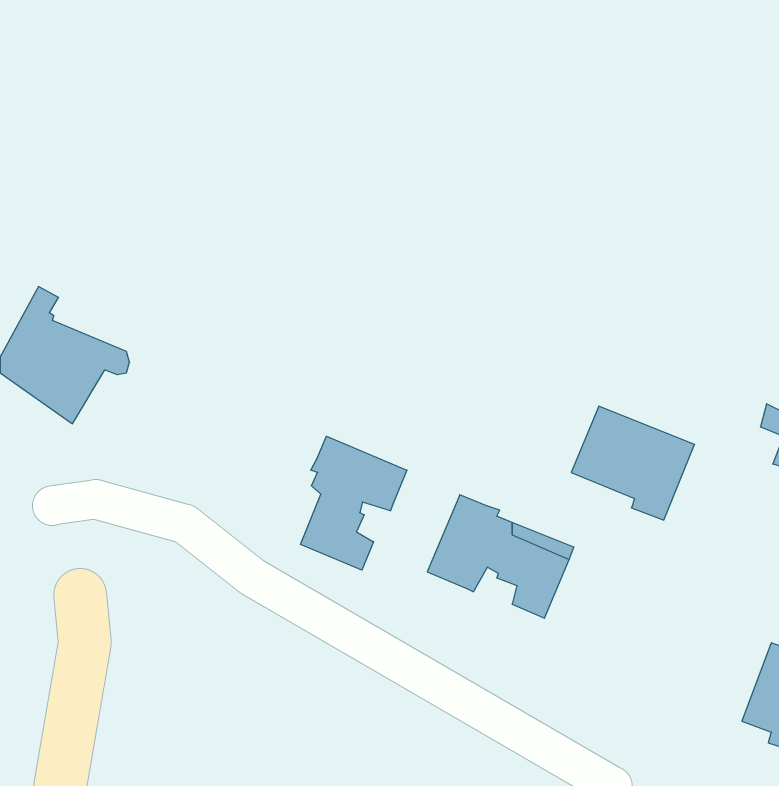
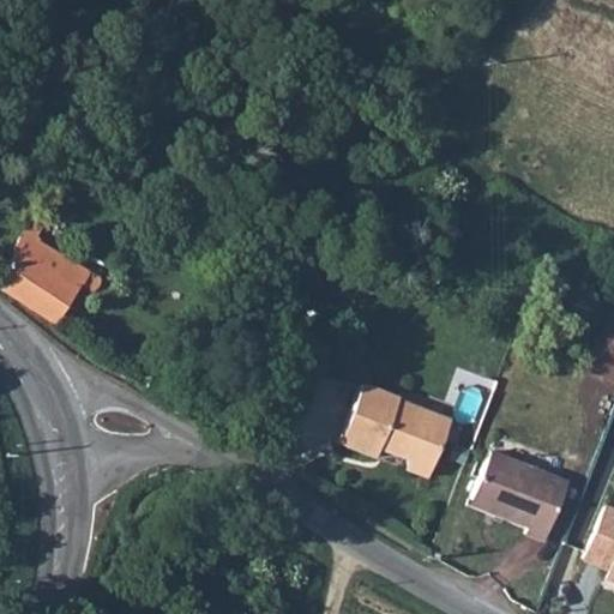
building: [571,406,695,520] -> [472,450,568,538]
building: [301,436,407,570] -> none

